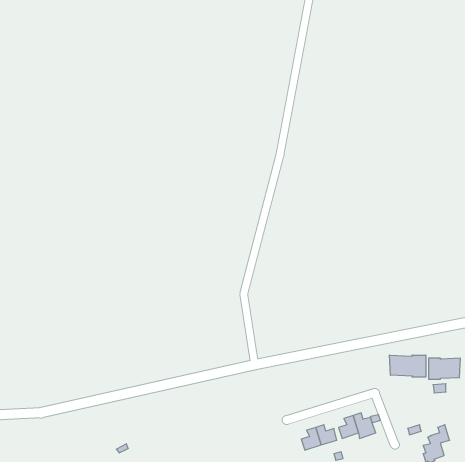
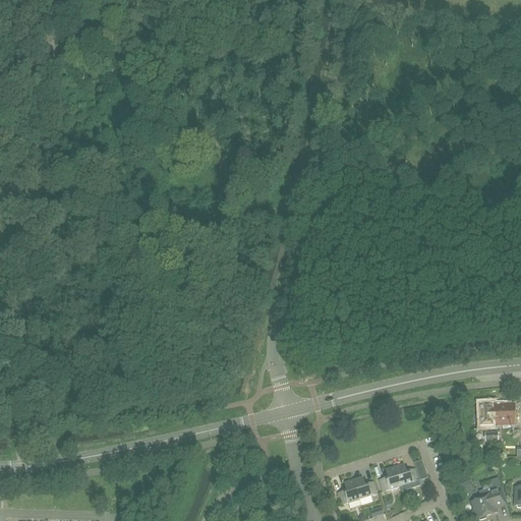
building: [390,355,426,377] -> none

